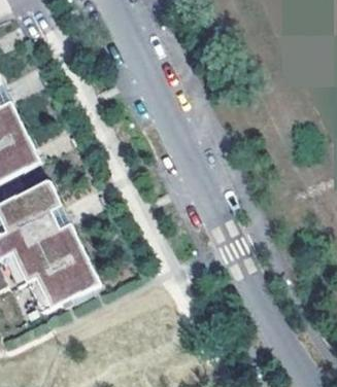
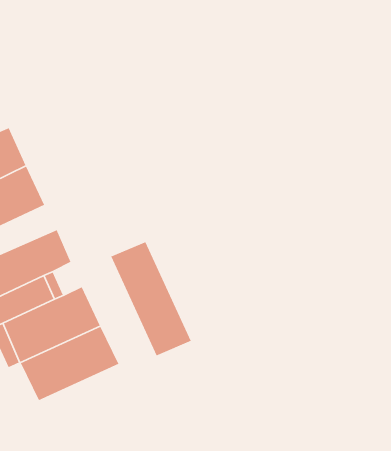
building: none -> [110,241,192,356]

